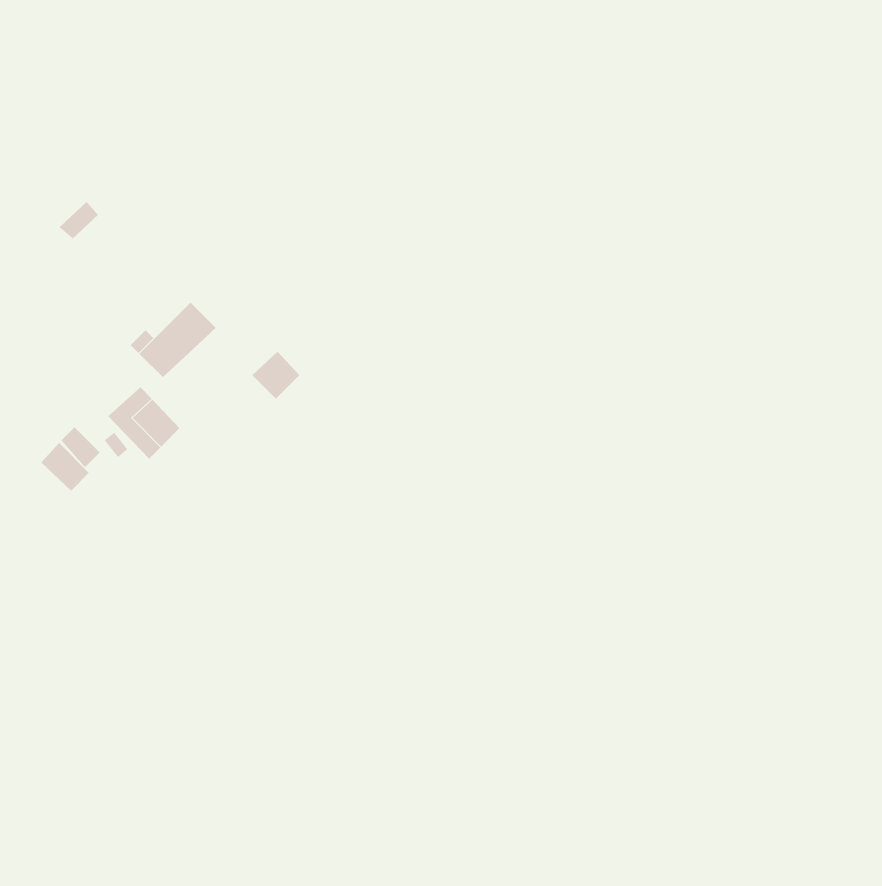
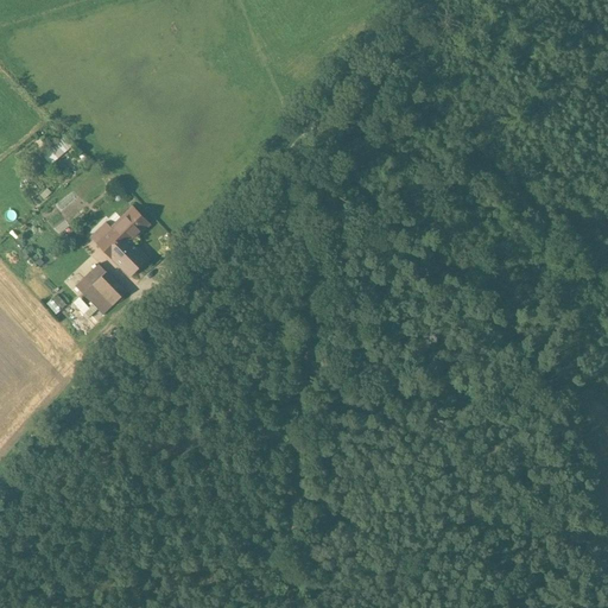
building: [252,351,300,399] -> [112,242,145,276]
building: [41,442,90,491] -> none

